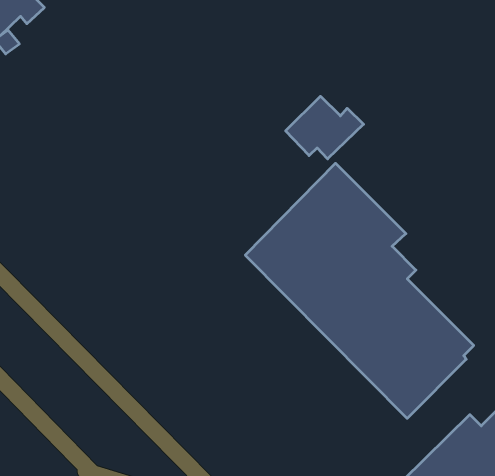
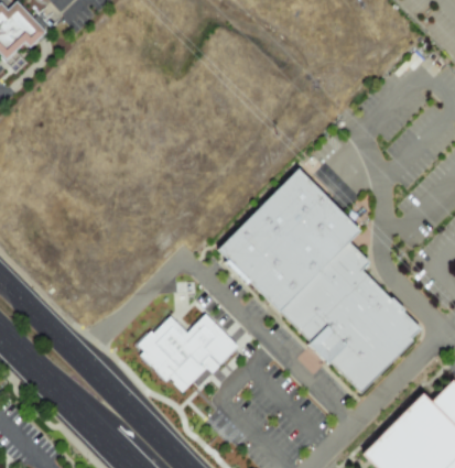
building: [286,96,364,159] -> none
building: none -> [132,315,236,393]

